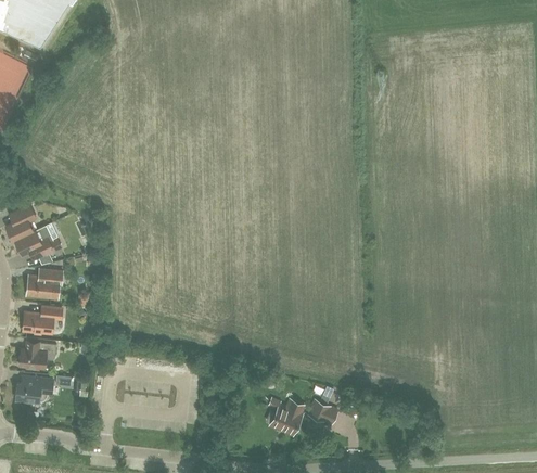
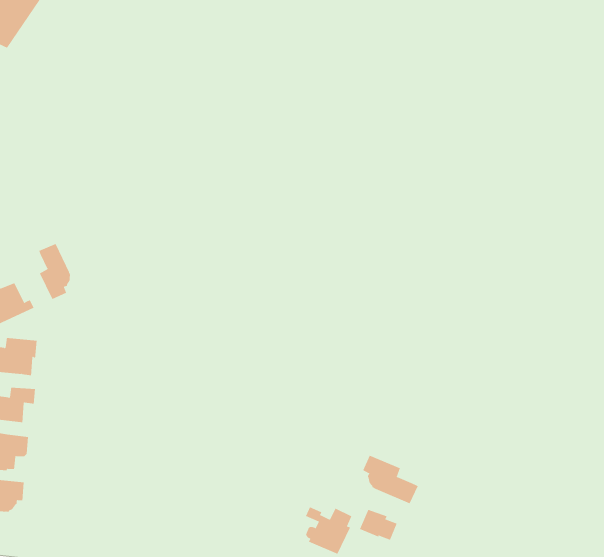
building: none -> [38,243,71,300]
building: none -> [362,455,418,504]

